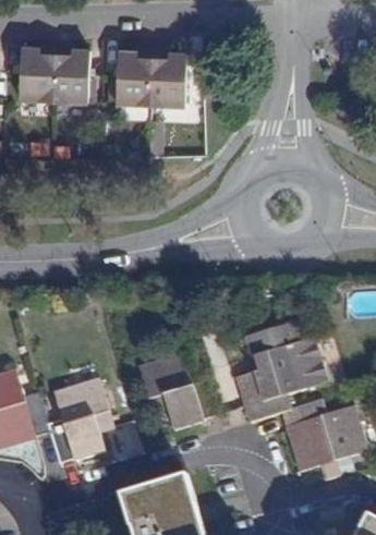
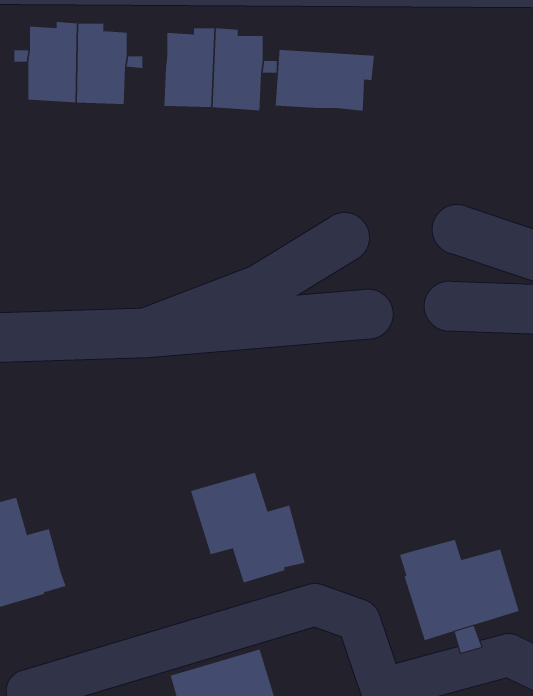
building: none -> [275,49,375,111]
building: [233,324,327,422] -> none
building: [46,380,111,464] -> none

